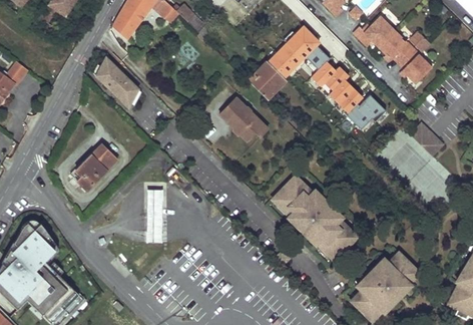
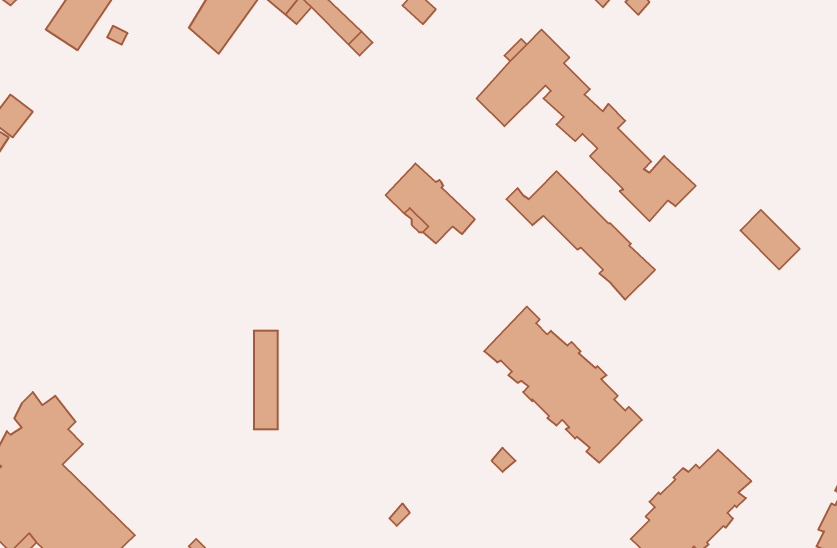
building: [352,14,432,83] -> [506,171,655,300]
building: [96,57,137,106] -> none
building: [247,61,285,99] -> none
building: [69,143,117,190] -> none

